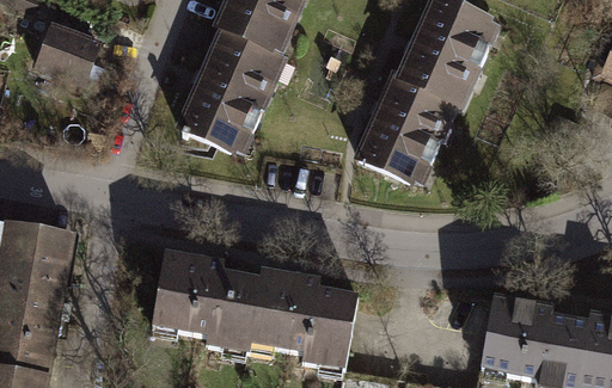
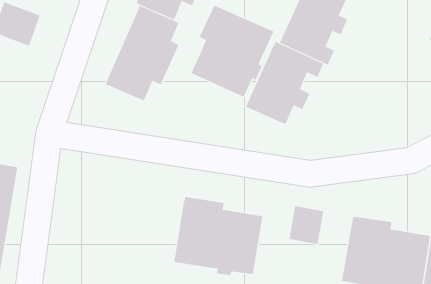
building: none -> [191,5,274,98]
building: [166,253,279,352] -> none
building: none -> [289,205,324,245]

